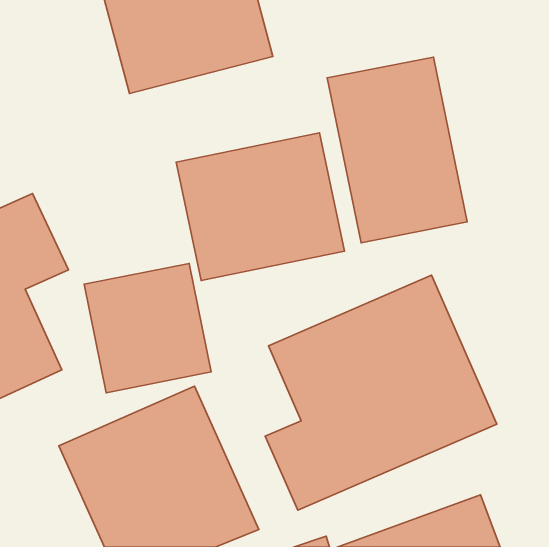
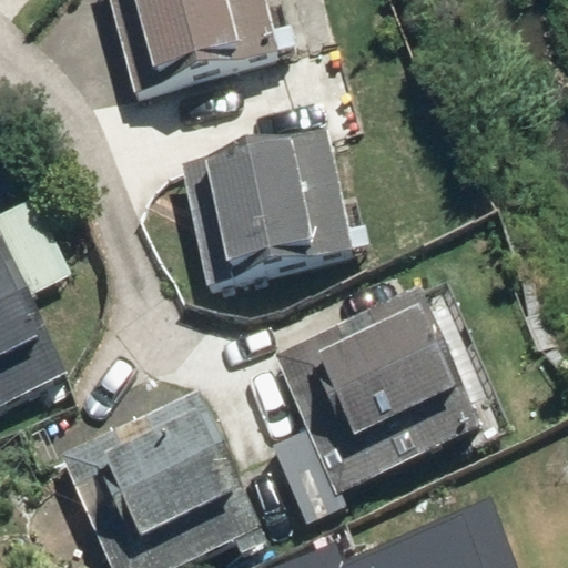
building: [327,57,467,243] -> none
building: [84,263,211,393] -> none

